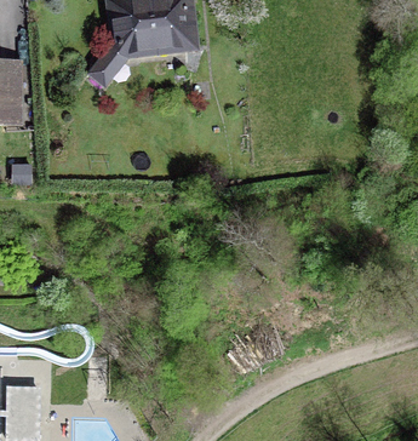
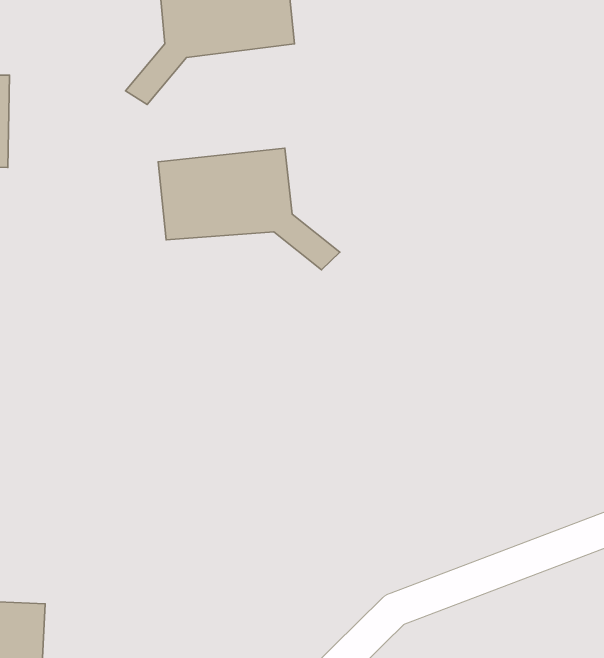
building: none -> [158,148,340,270]

